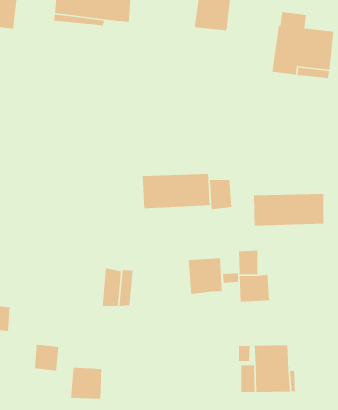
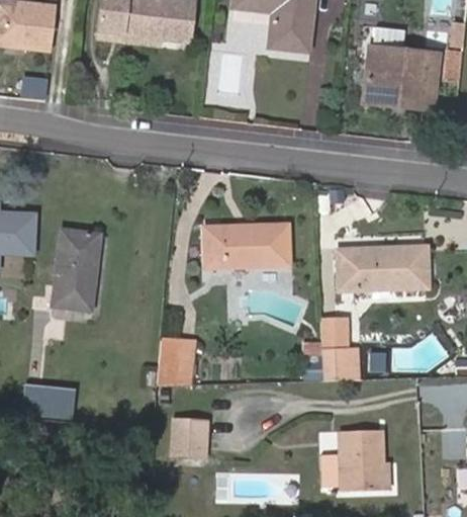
building: [209,179,232,210] -> none
building: none -> [57,232,98,308]
building: [188,258,222,295] -> none
building: [34,344,59,371] -> [45,385,76,419]
building: [70,367,102,399] -> [171,419,209,458]

